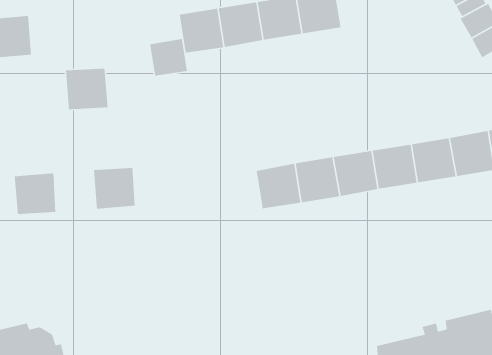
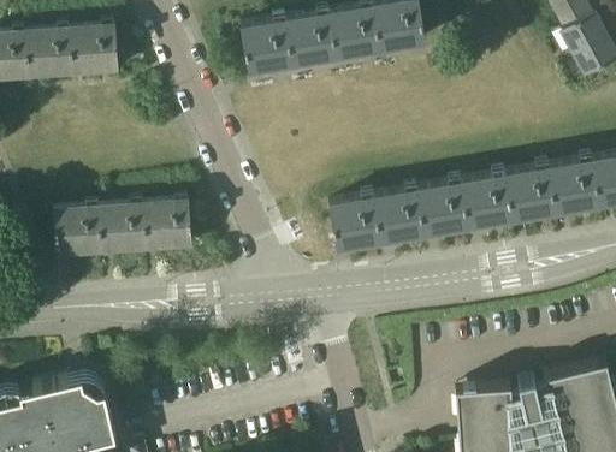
building: [149,38,188,77] -> none
building: [65,68,108,110] -> [69,26,118,75]
building: none -> [97,204,146,254]

